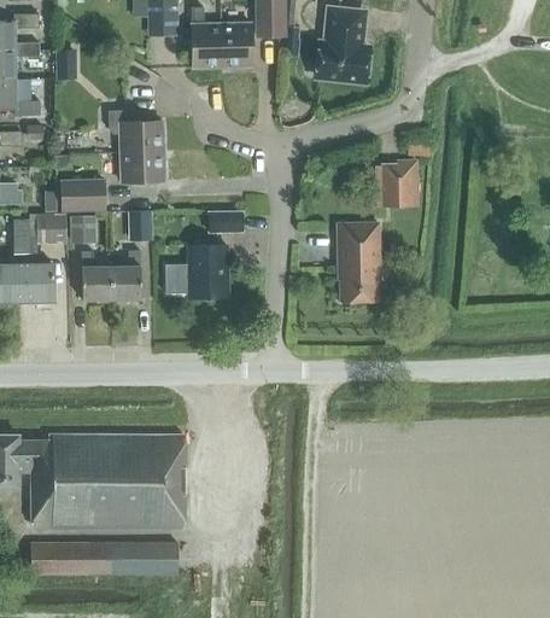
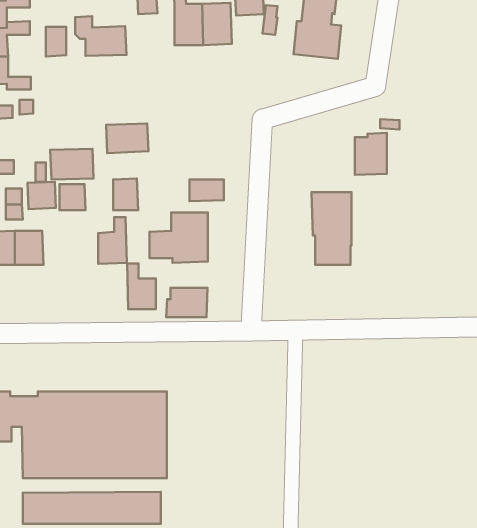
building: [109,110,163,152] -> [75,16,126,56]
building: [81,251,111,299] -> [127,264,156,309]
building: none -> [166,288,208,317]

